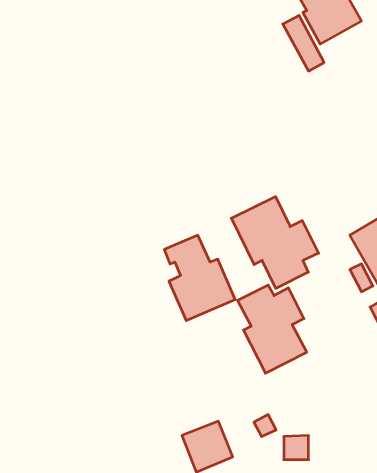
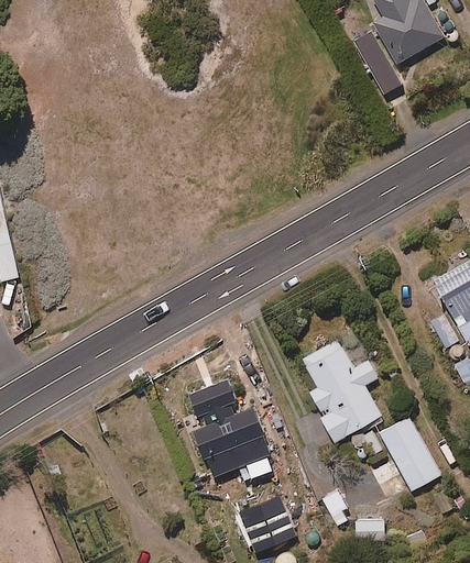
building: [231,197,319,288] -> none
building: [164,235,235,321] -> [189,380,271,478]
building: none -> [379,417,441,492]

